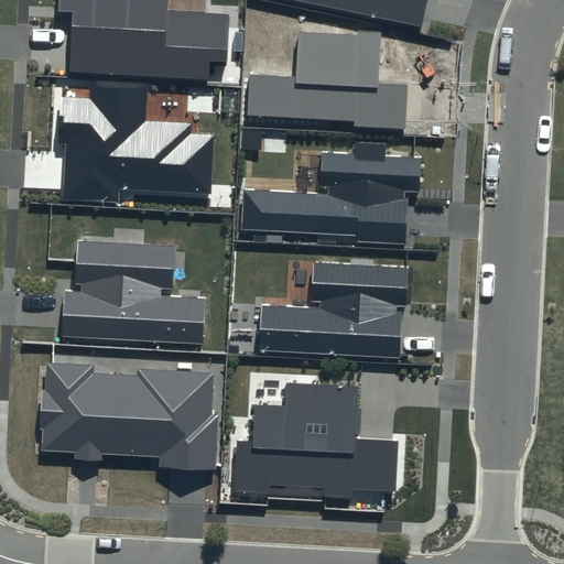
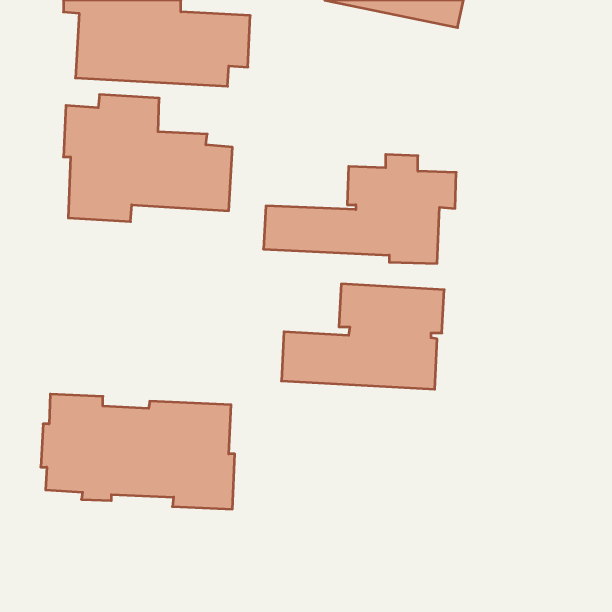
building: [247,30,409,129] -> none
building: [62,240,206,344] -> none
building: [234,384,398,498] -> none

